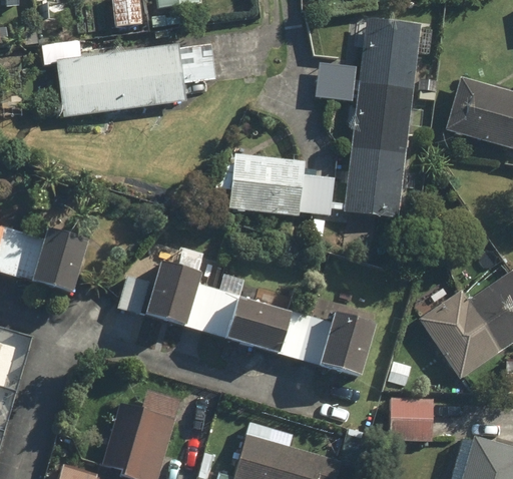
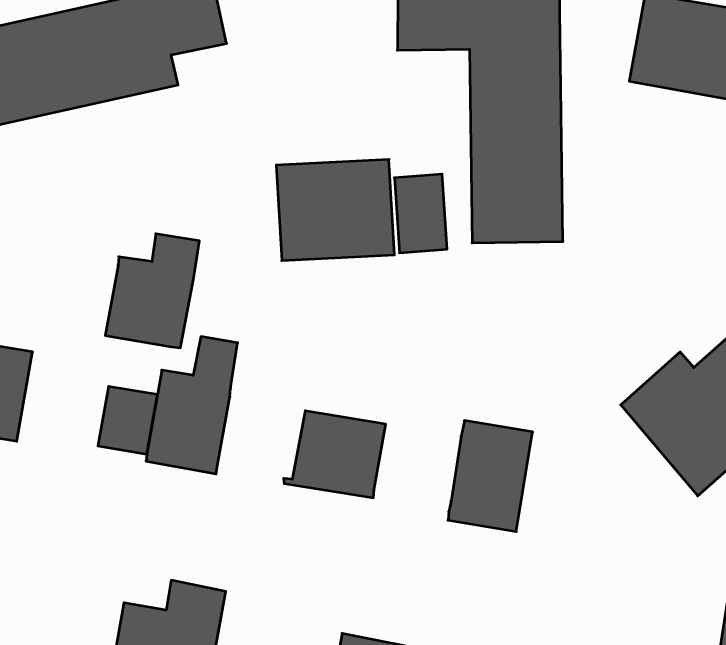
building: [183,271,244,339] -> [105,234,199,348]
building: [273,313,328,368] -> none
building: [391,396,433,438] -> none

